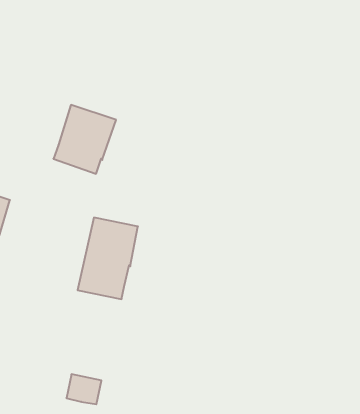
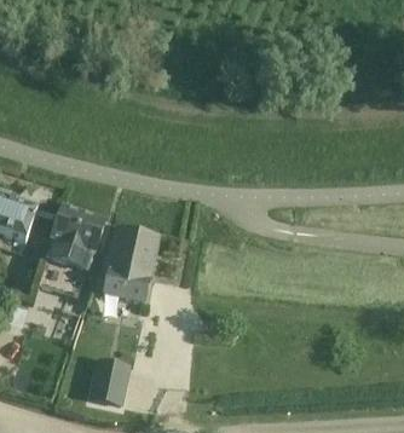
building: [53,105,116,174] -> [45,204,105,271]

